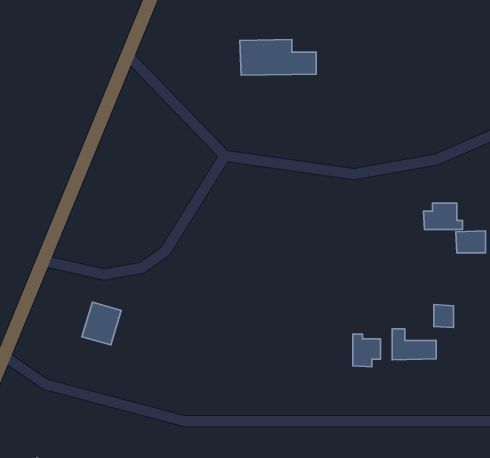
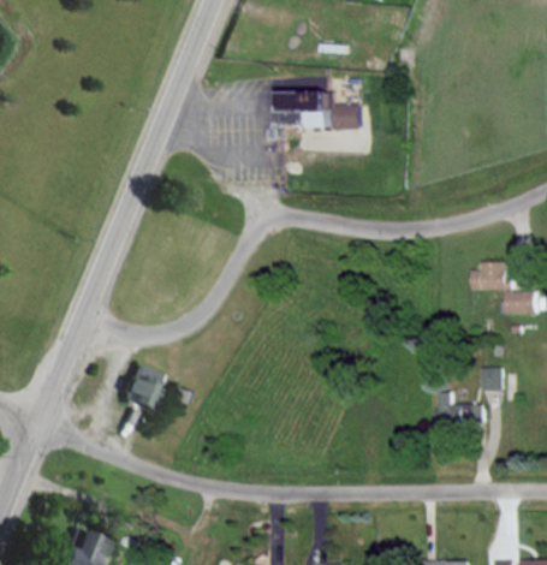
building: [353,334,380,367] -> none

